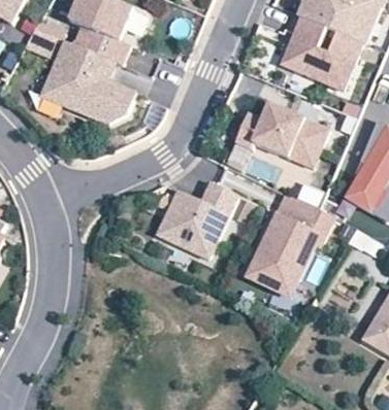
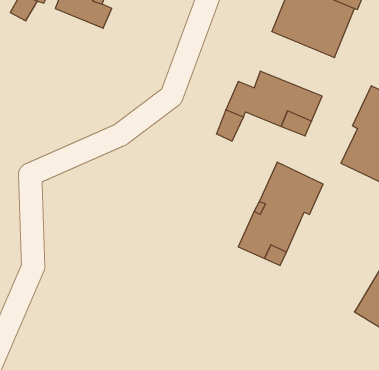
building: [35,39,129,121] -> none
building: [156,181,238,259] -> none

